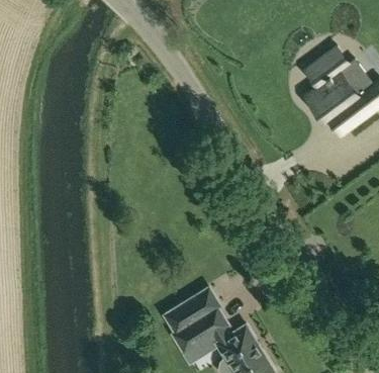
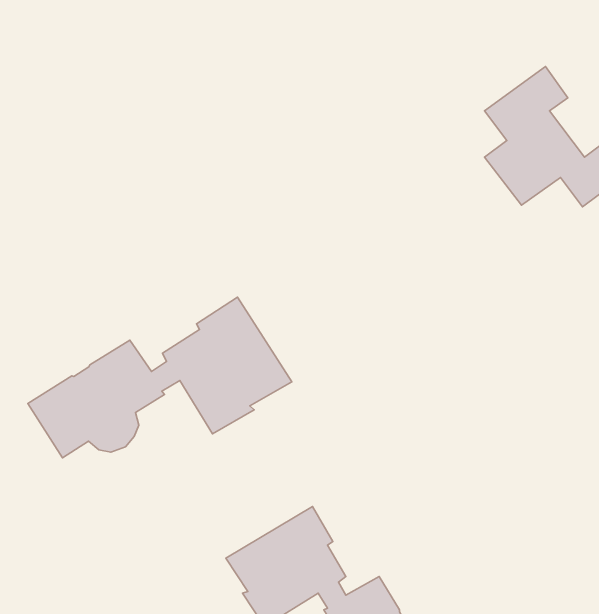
building: none -> [28,297,292,458]

